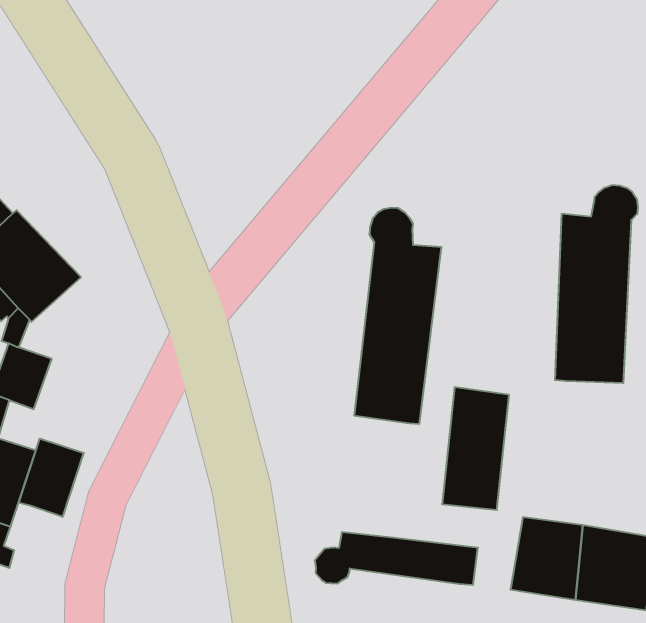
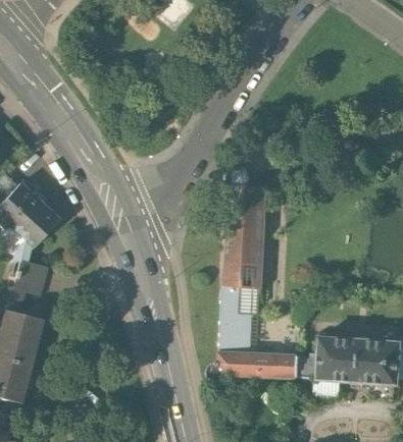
building: [555,185,638,383] -> none
building: [442,387,509,510] -> [220,286,254,354]
building: [19,439,84,517] -> none

